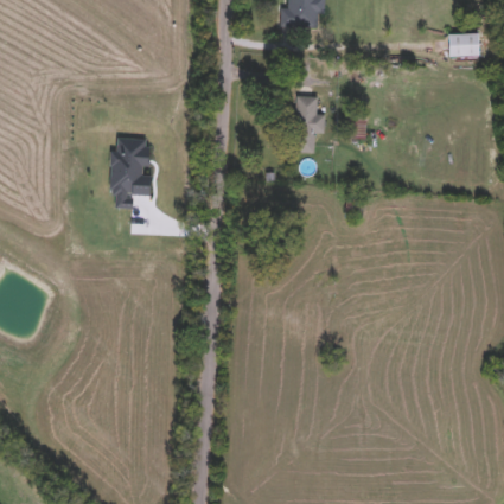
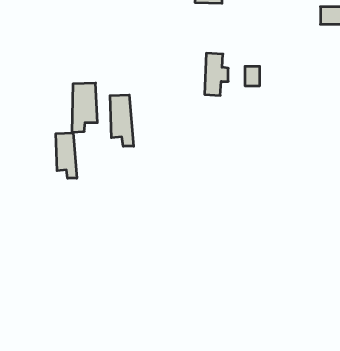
building: none -> [110,95,134,146]
building: none -> [56,133,77,178]

